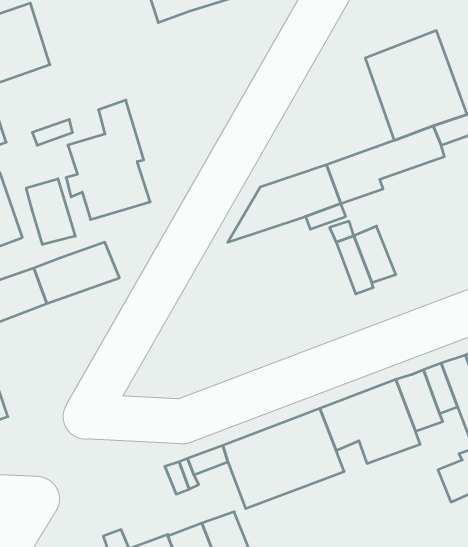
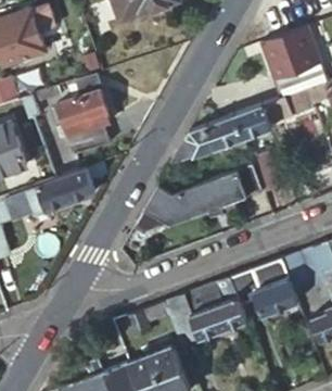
building: [26,179,75,245] -> none
building: none -> [138,169,248,230]

